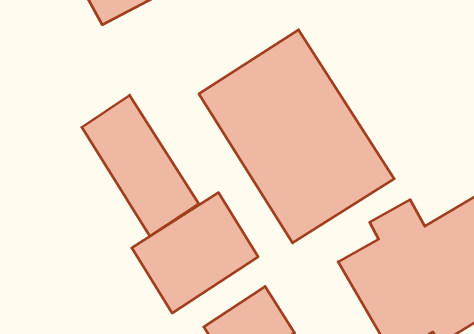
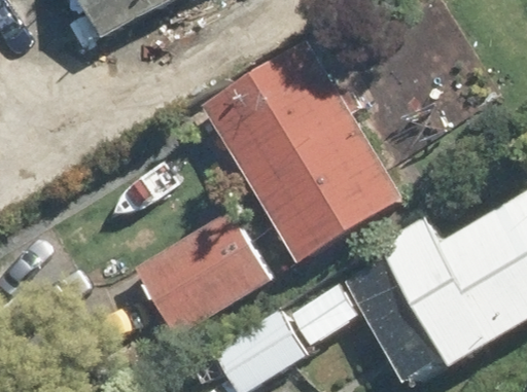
building: [82,95,199,236] -> none

